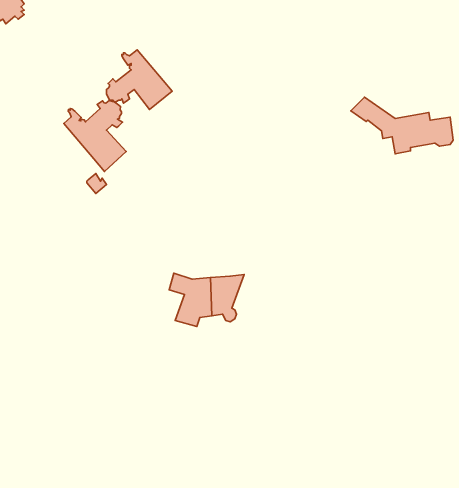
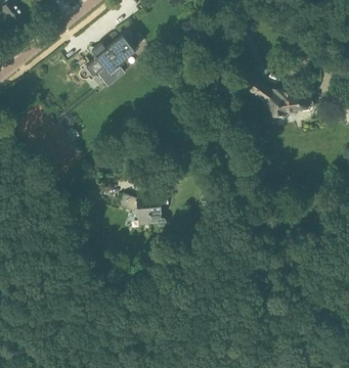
building: none -> [99,32,135,65]
building: [64,101,126,171] -> none

